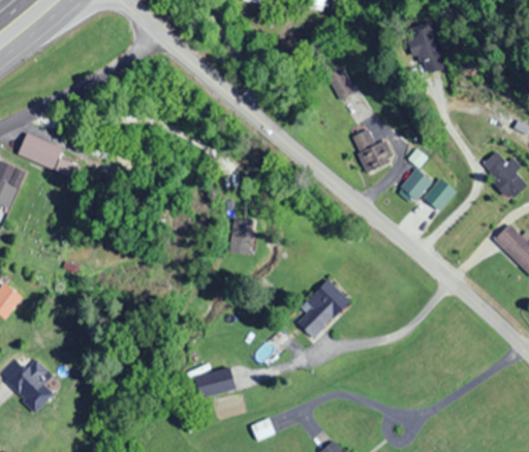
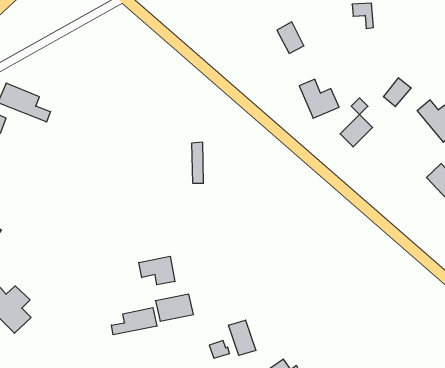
building: [427,180,458,212] -> [383,78,411,107]
building: [295,278,349,338] -> none
building: none -> [139,256,175,285]
building: none -> [111,308,157,335]
building: none -> [229,320,256,355]

